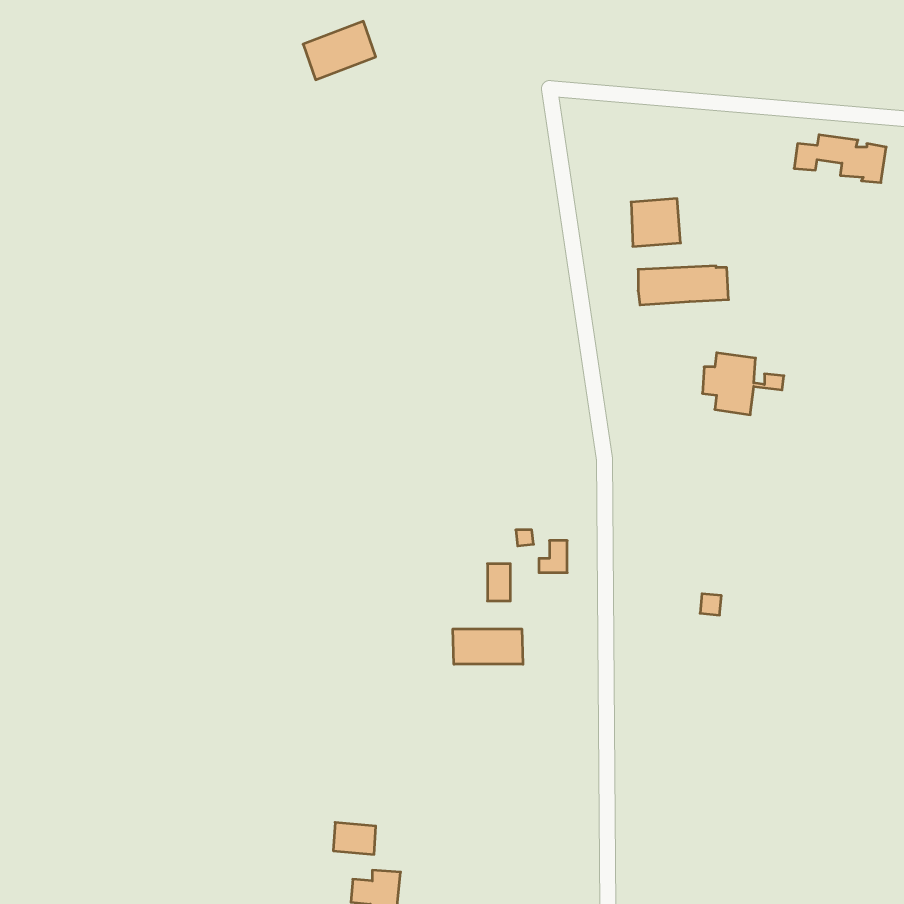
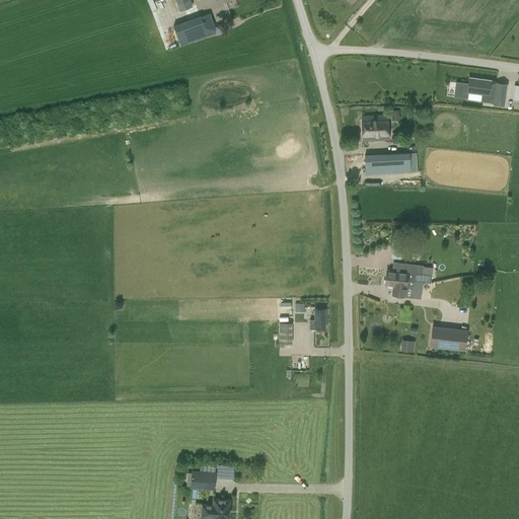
building: [702,353,784,415] -> [386,263,433,298]
building: none -> [431,326,468,352]
building: [453,629,523,664] -> none

